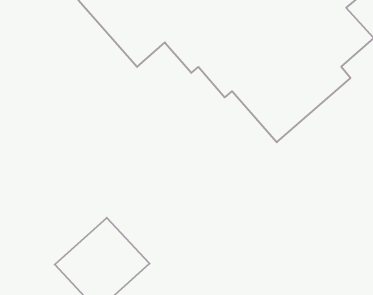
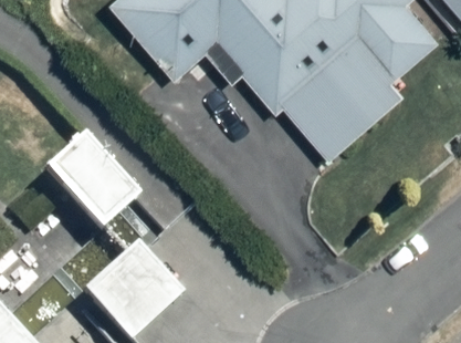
building: none -> [49,139,145,238]

